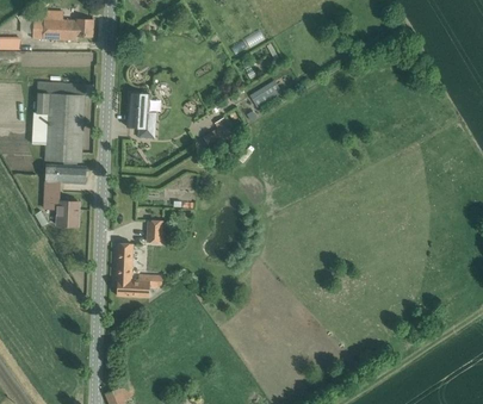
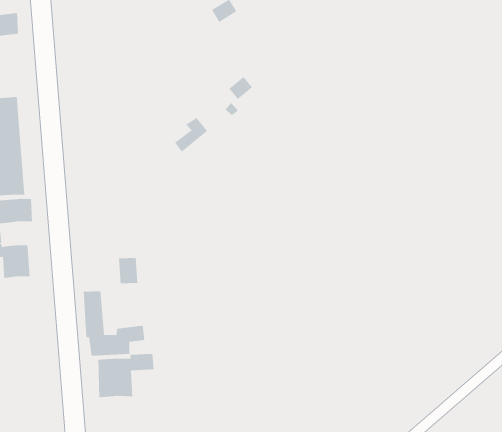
building: [126,93,155,136] -> none
building: none -> [98,353,154,398]

